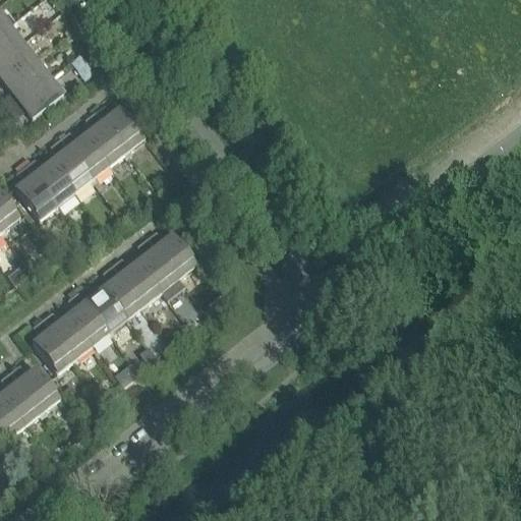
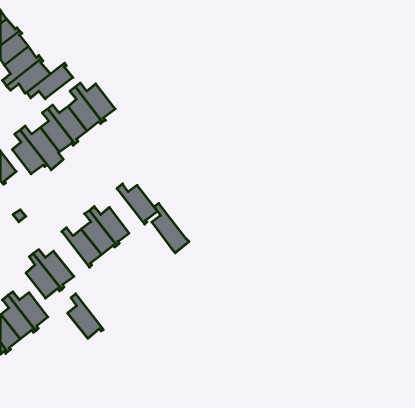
building: none -> [27,63,73,99]
building: [137,236,184,298] -> [152,203,189,253]
building: [67,290,112,346] -> [68,294,103,338]

